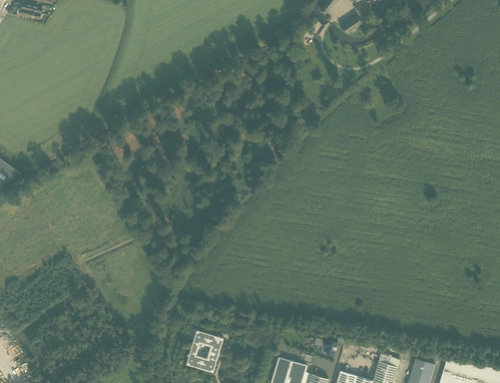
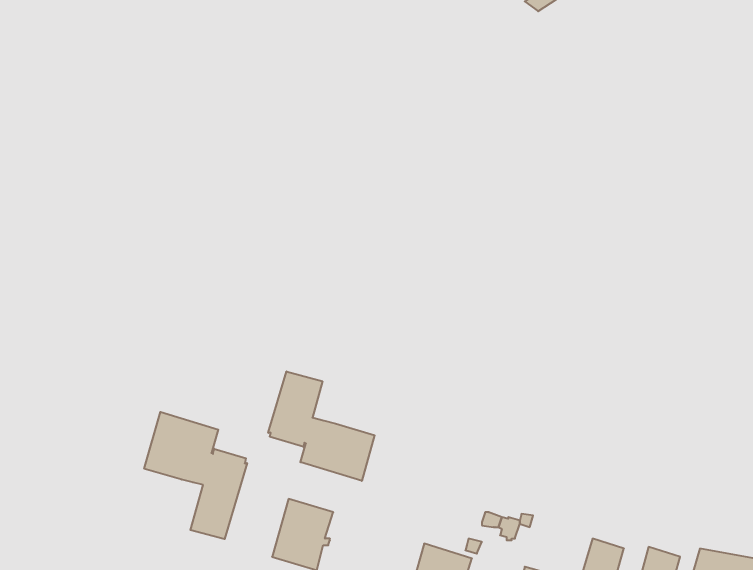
building: none -> [268,371,375,481]
building: none -> [144,412,247,539]

